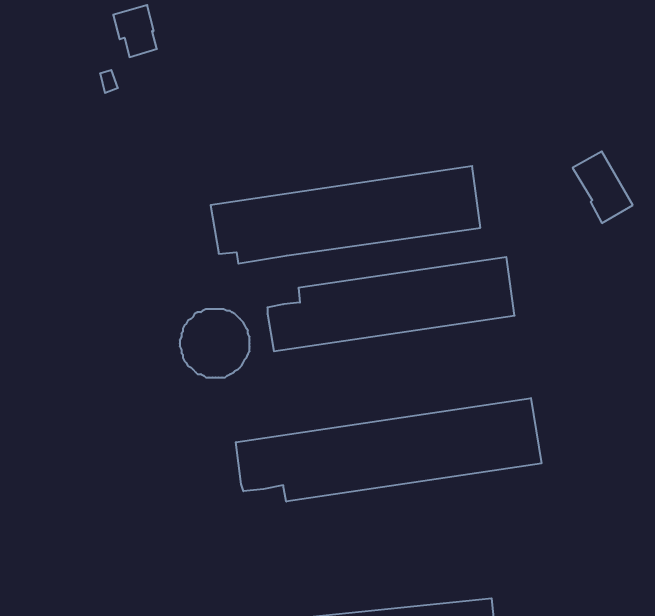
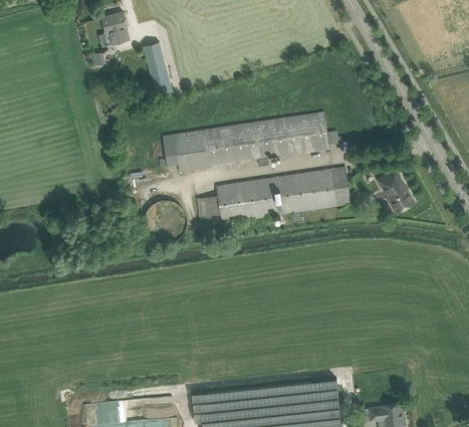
building: none -> [143,42,172,94]
building: [573,151,633,223] -> [377,169,414,213]
building: [236,398,541,502] -> none

